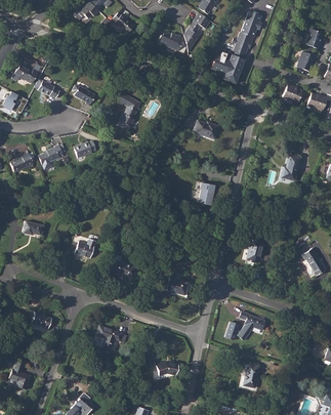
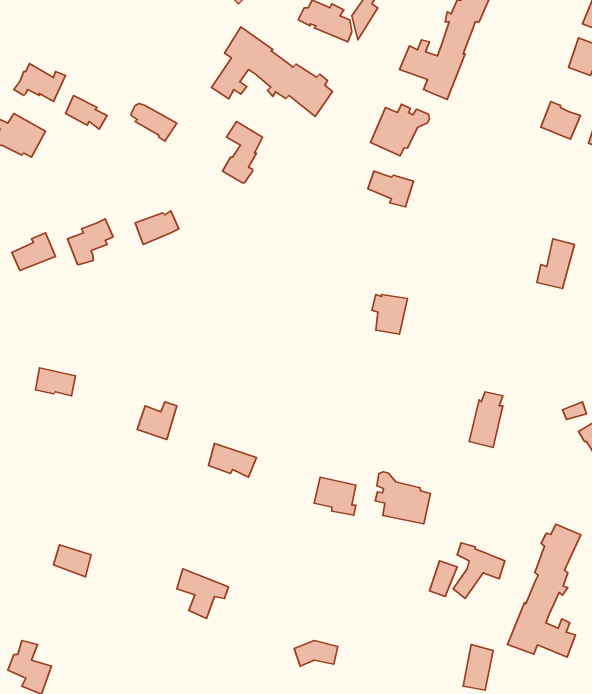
building: none -> [212,27,333,116]
building: none -> [371,104,430,156]
building: none -> [375,472,430,524]
building: none -> [507,524,581,657]

